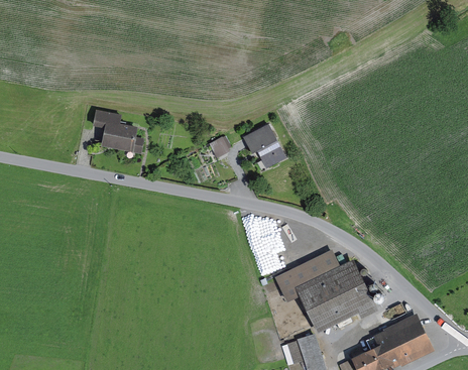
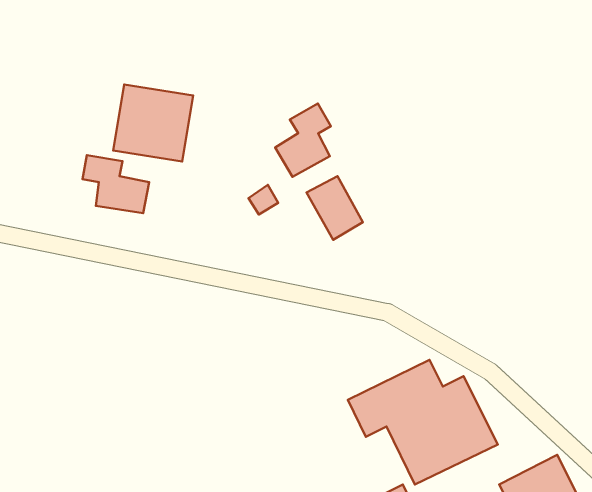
building: none -> [113,85,193,162]
building: none -> [275,104,331,177]

